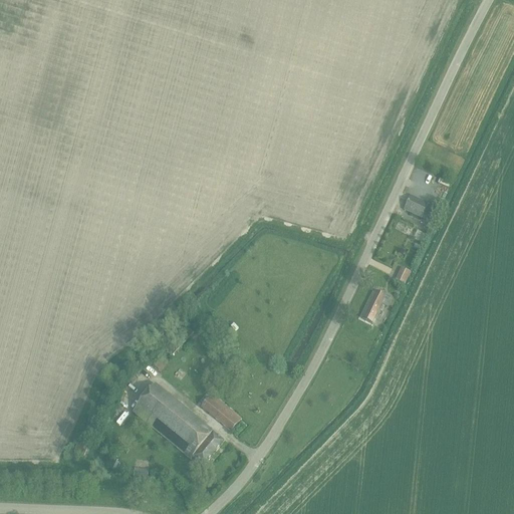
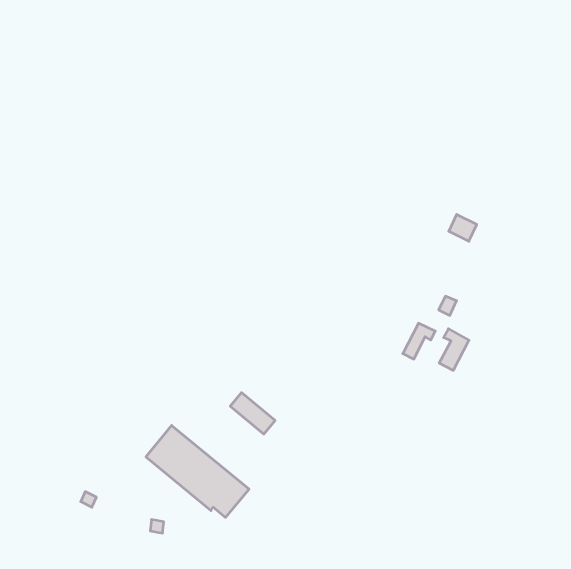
building: none -> [439,329,469,370]
building: [200,392,240,429] -> [230,393,275,434]

